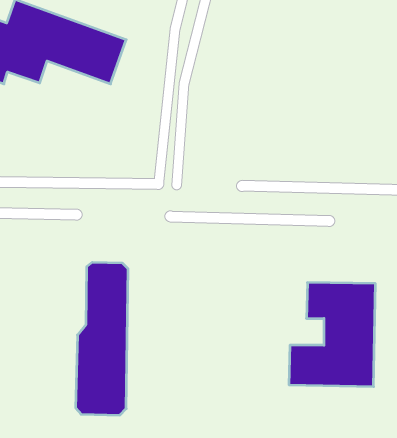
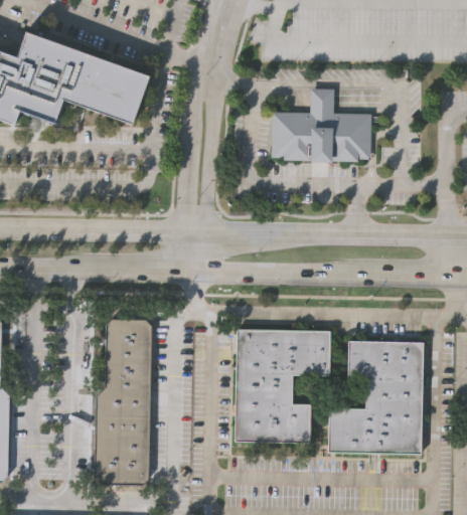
building: none -> [271,90,370,162]
building: none -> [235,330,329,444]

